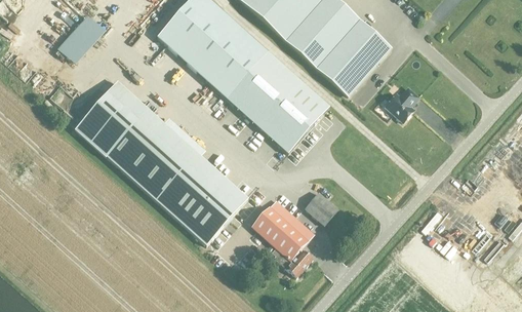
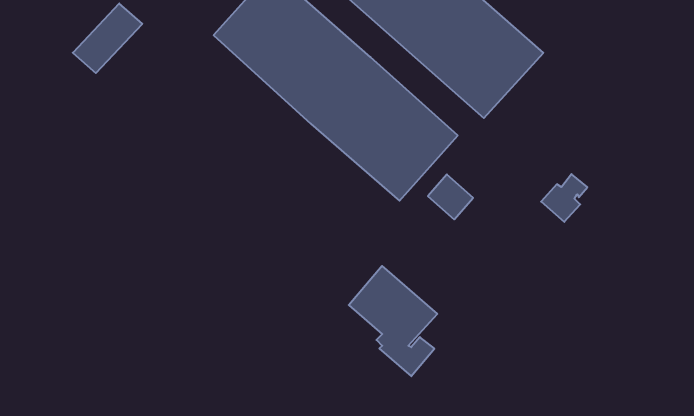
building: [73,80,247,244] -> none
building: [386,86,418,120] -> [541,174,587,222]
building: [306,192,337,224] -> [428,174,473,219]

